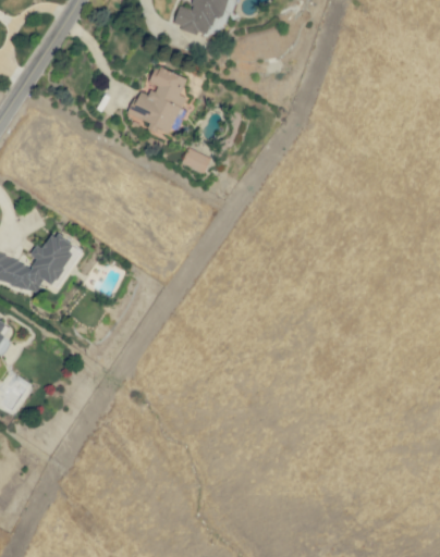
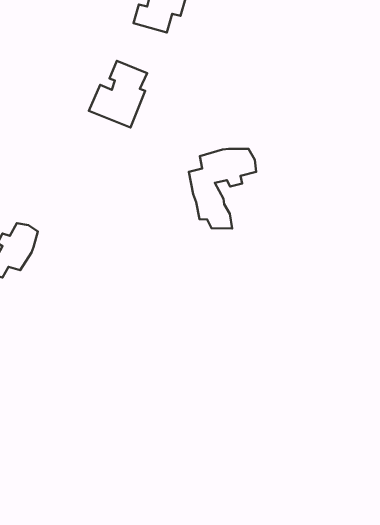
building: [182,148,211,174] -> none
building: none -> [189,149,256,228]

